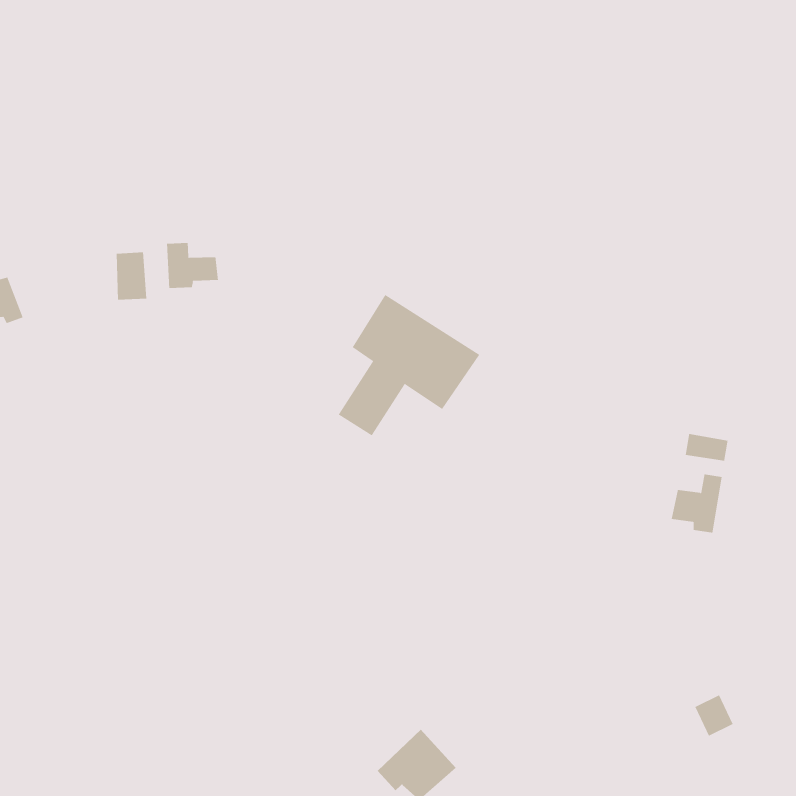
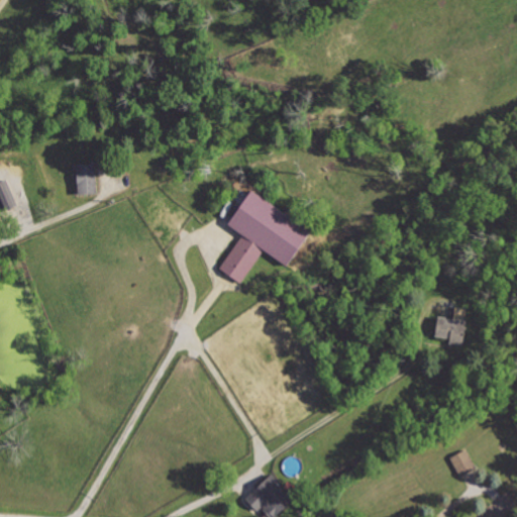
building: [166,242,219,289] -> none
building: [685,433,728,461] -> none

